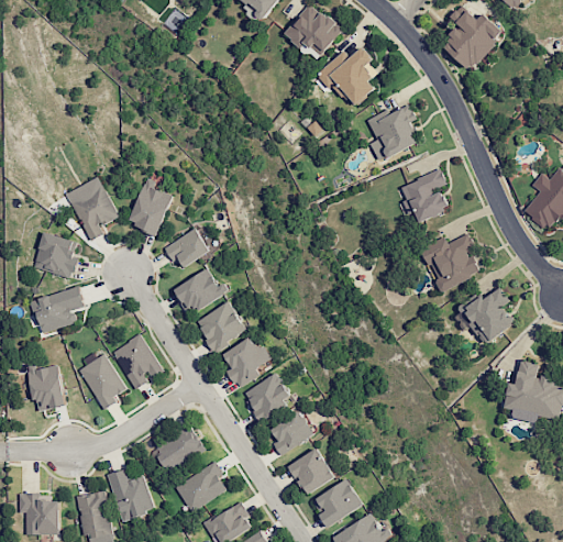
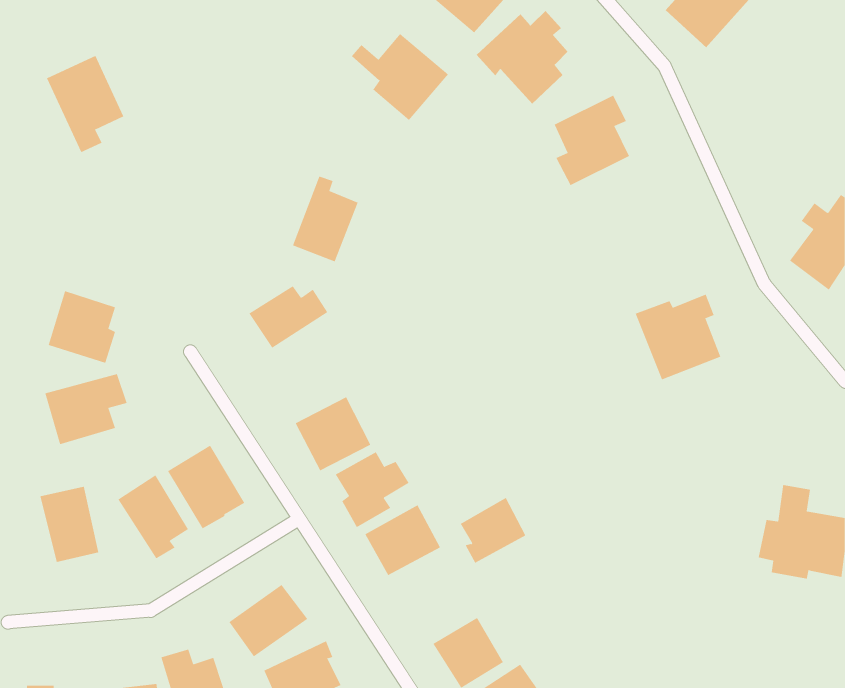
building: none -> [351,33,449,121]
building: [400,169,449,222] -> none
building: [66,176,118,241] -> [46,55,124,153]
building: [128,177,172,234] -> [292,176,359,262]
building: [172,268,229,314] -> none
building: [455,284,515,343] -> none
building: [269,410,313,454] -> [460,497,526,564]

